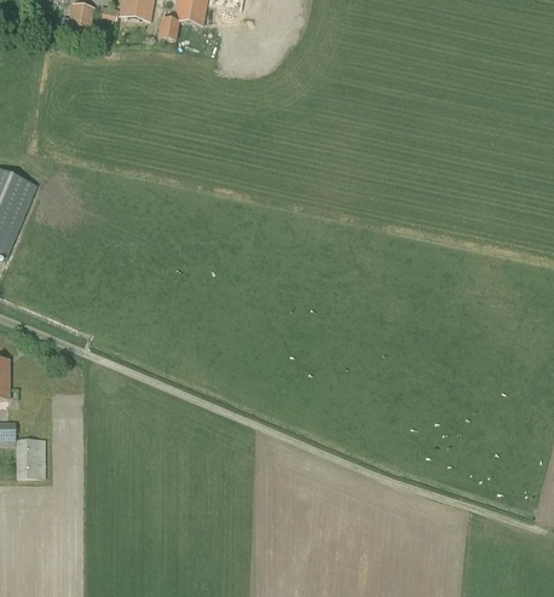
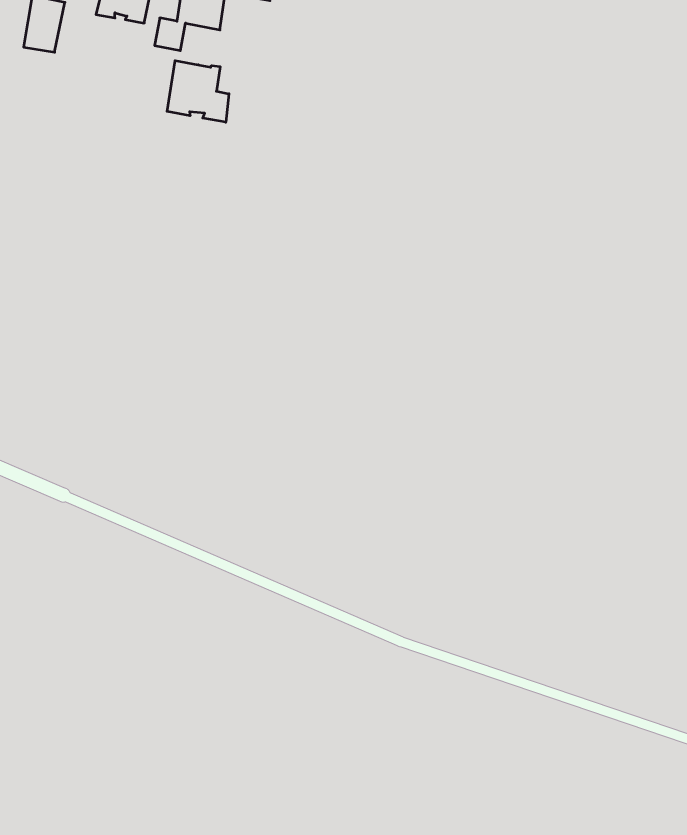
building: none -> [167,61,229,122]

